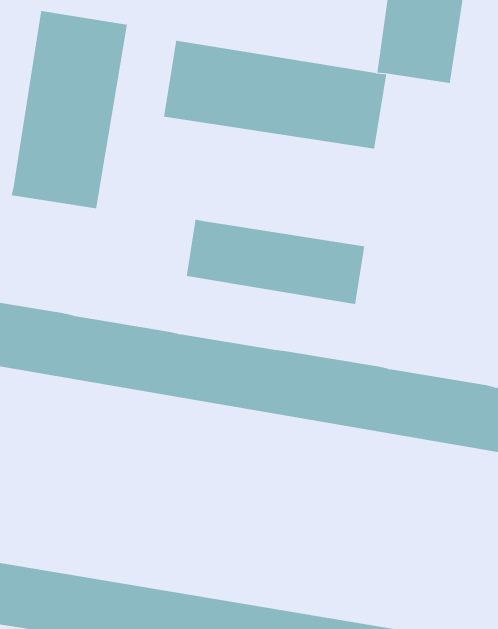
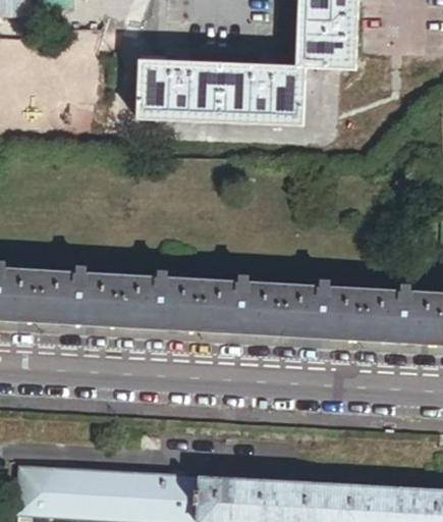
building: [11,10,128,209] -> none
building: [186,219,365,305] -> none

